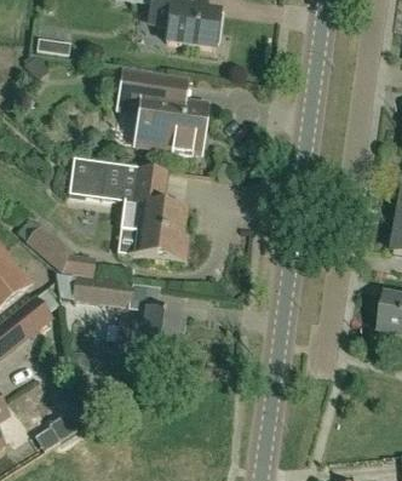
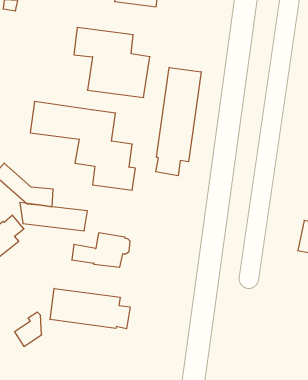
building: none -> [156,67,201,176]
building: none -> [50,288,130,329]

